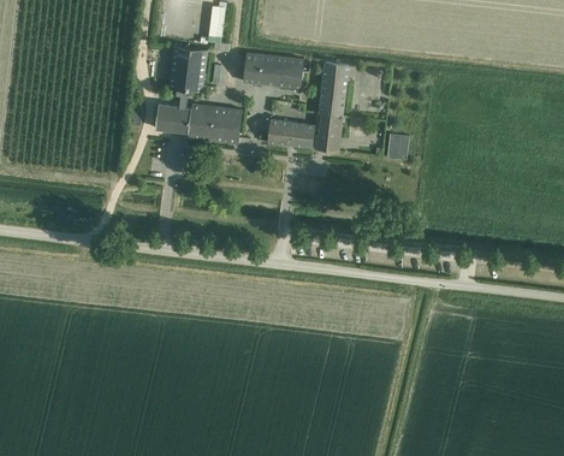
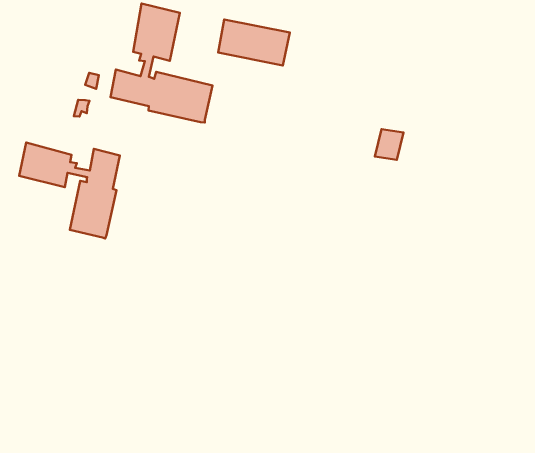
building: [266,63,348,152] -> none
building: none -> [19,143,120,238]

